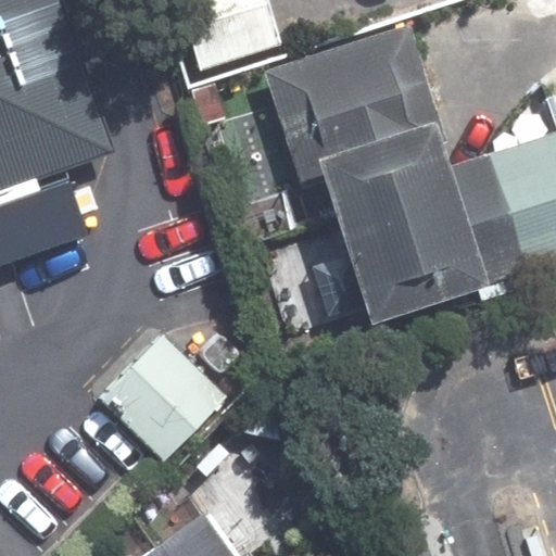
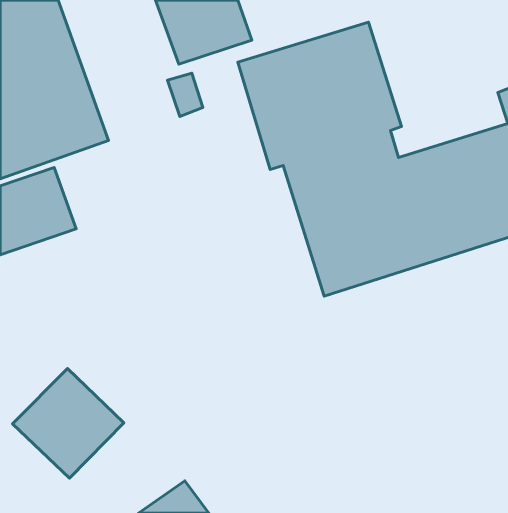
building: [101,338,222,456] -> [12,369,124,478]

